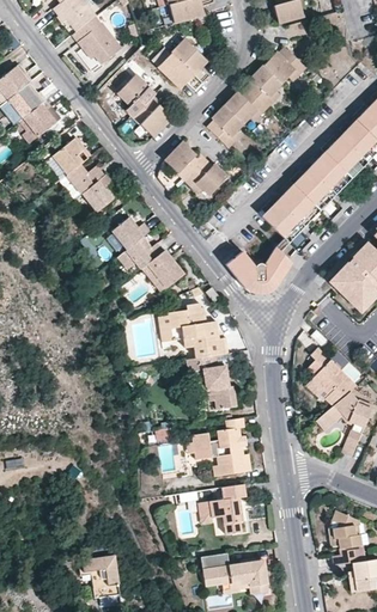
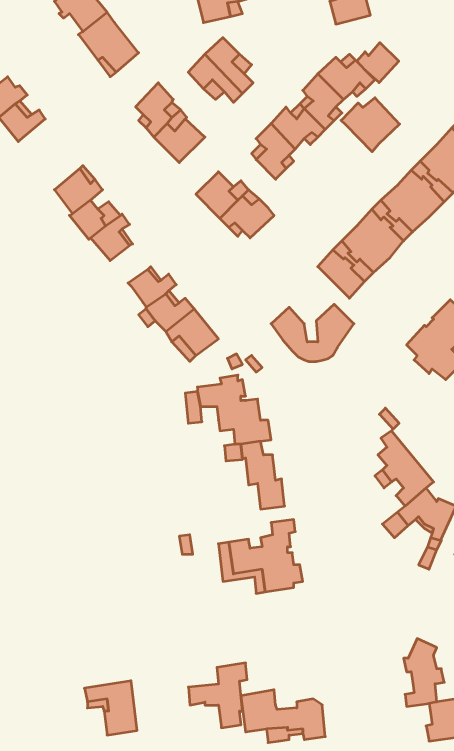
building: none -> [357,43,399,83]
building: none -> [341,98,400,152]
building: [24,100,57,137] -> none
building: [199,484,245,536] -> [188,663,247,728]

